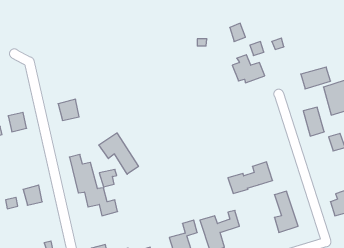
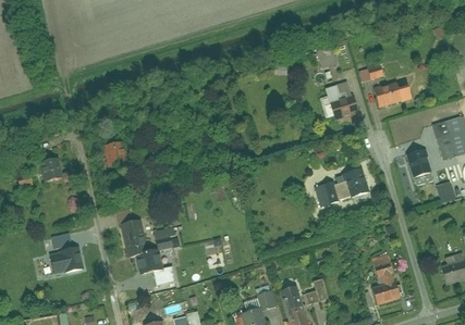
building: [301,67,331,89] -> [371,78,408,105]
building: [99,133,138,174] -> none
building: [228,162,273,193] -> [311,166,367,205]

